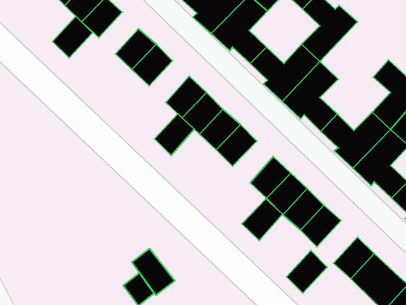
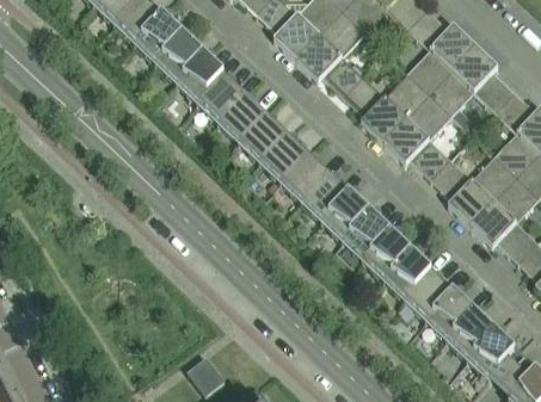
building: [53,16,92,58] -> [158,32,207,84]
building: none -> [430,44,515,115]
building: [155,114,194,155] -> [220,92,269,143]
building: [242,199,282,240] -> [322,191,373,242]
building: [132,249,175,295] -> none
building: [287,251,327,293] -> [426,289,477,341]

